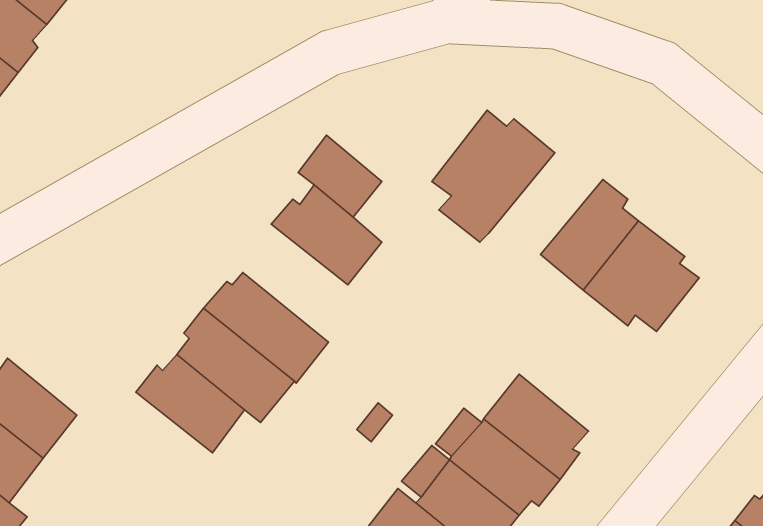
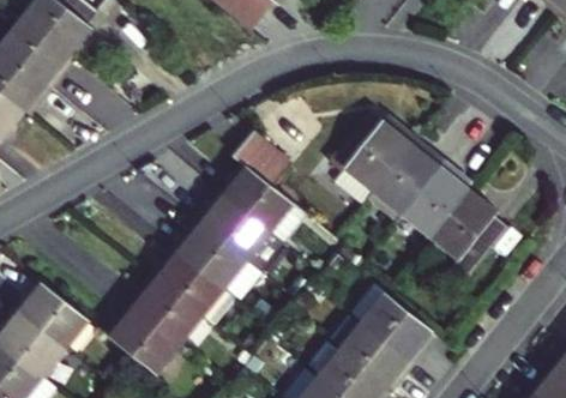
building: none -> [366,143,442,219]
building: none -> [200,191,283,271]
building: none -> [109,303,180,373]

